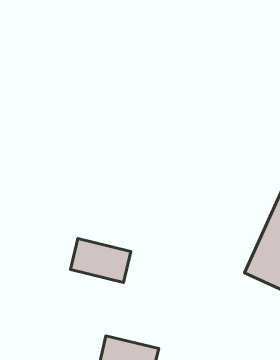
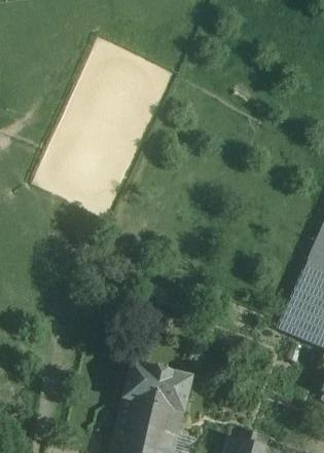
building: [71,239,131,282] -> [122,363,190,412]

